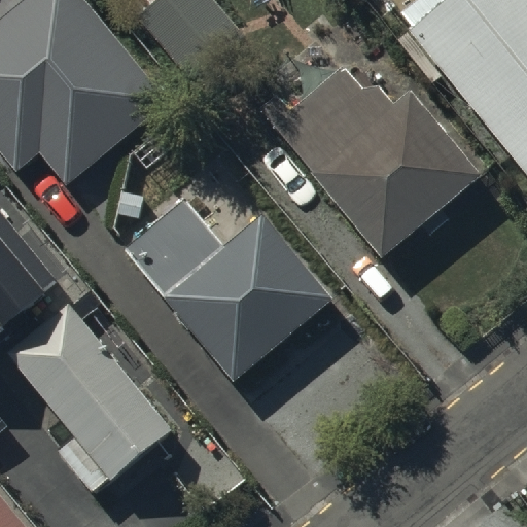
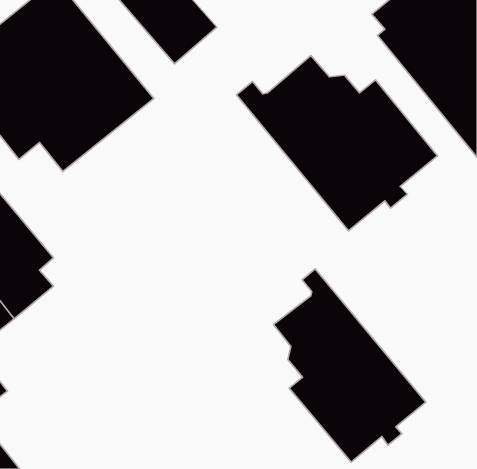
building: [122,196,332,379] -> none
building: none -> [273,269,426,462]
building: [14,313,178,496] -> none

